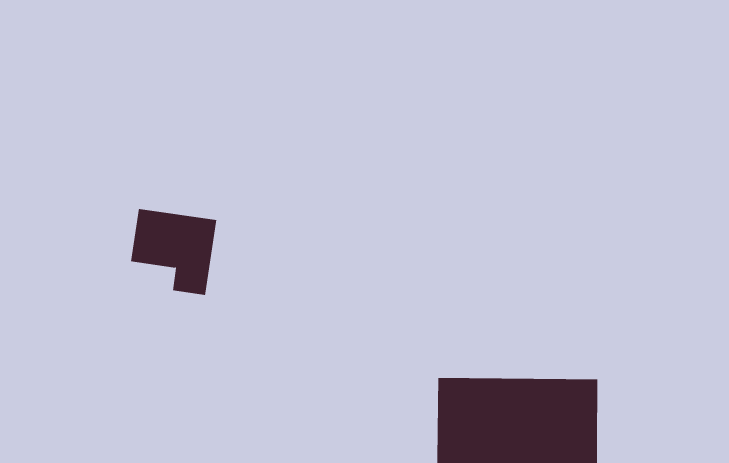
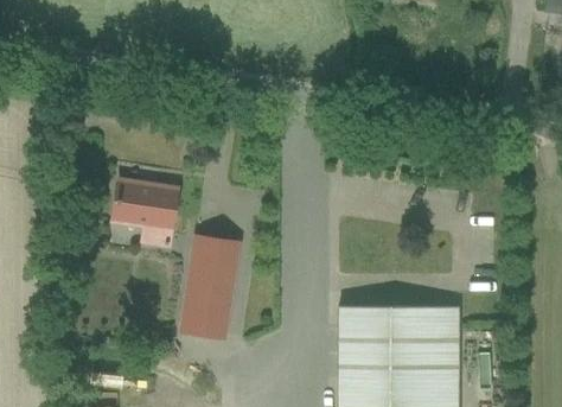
building: none -> [181,236,240,338]

